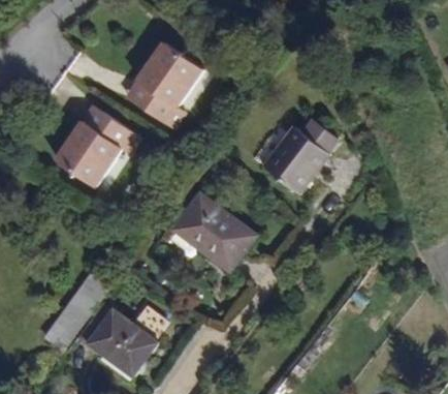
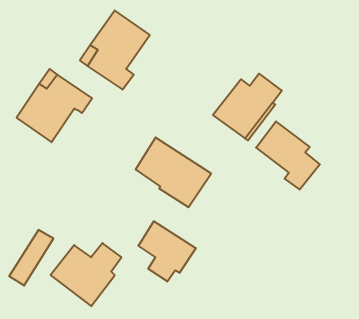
building: none -> [256,121,320,190]
building: none -> [138,221,196,282]

